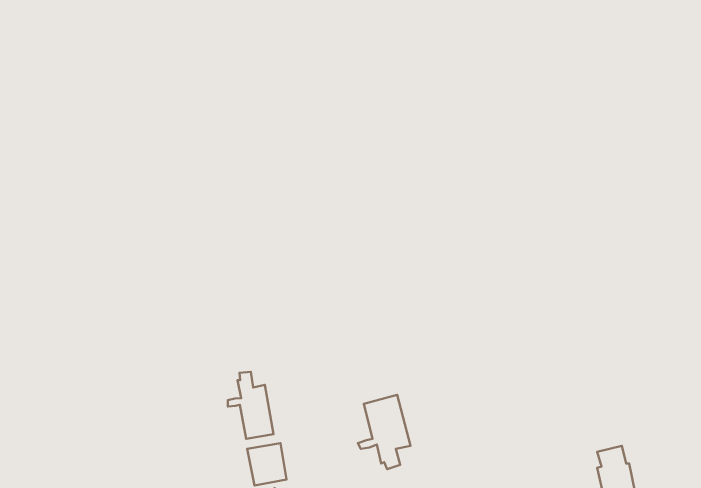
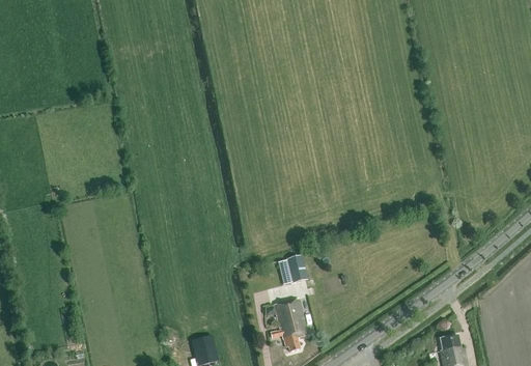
building: none -> [284,255,307,282]
building: [228,372,273,439] -> none

